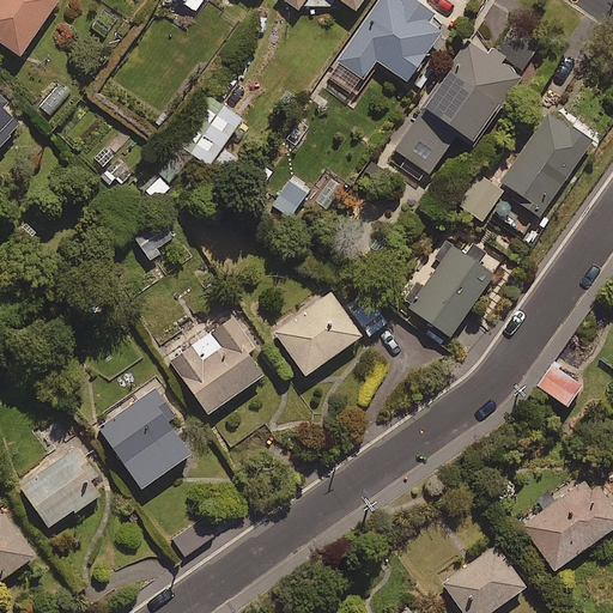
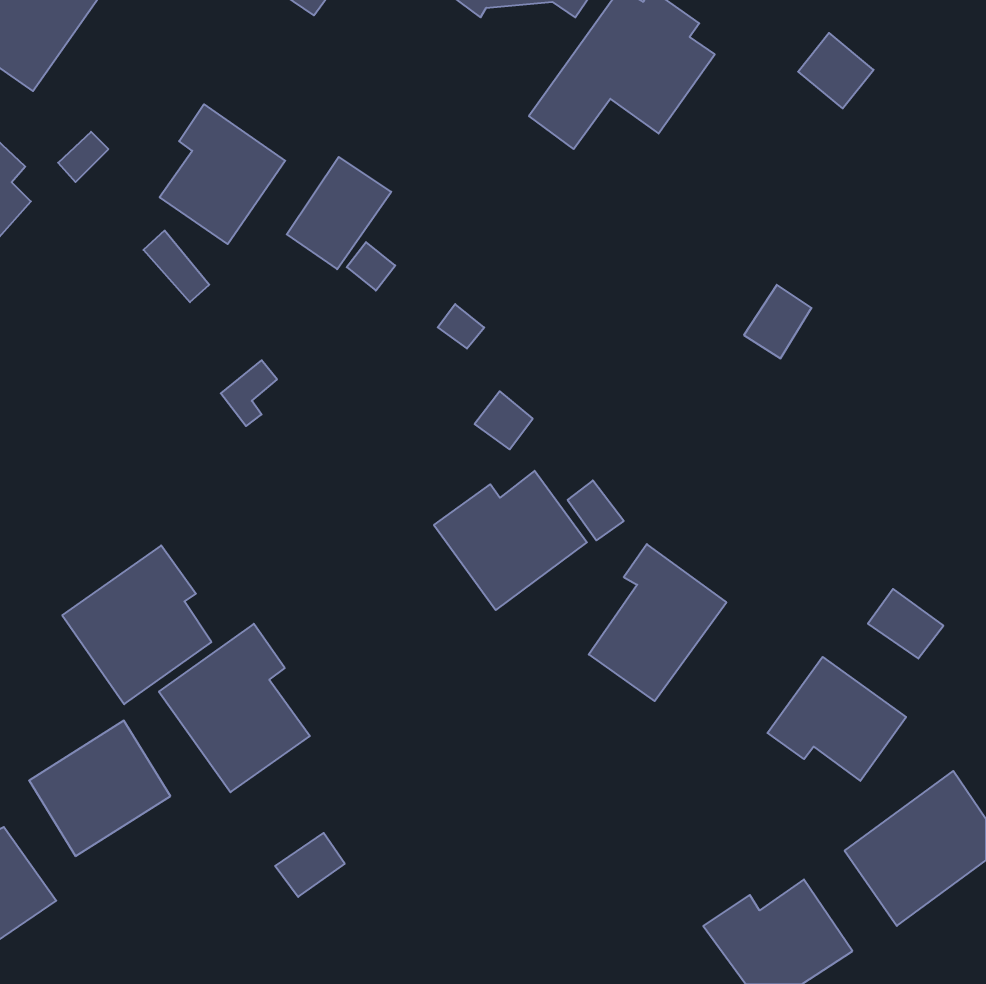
building: [393,47,521,174] -> none
building: none -> [160,104,285,244]
building: [499,108,594,217] -> none
building: [409,241,494,338] -> [589,544,726,701]
building: [170,317,262,415] -> [62,545,211,704]
building: none -> [767,657,906,781]

